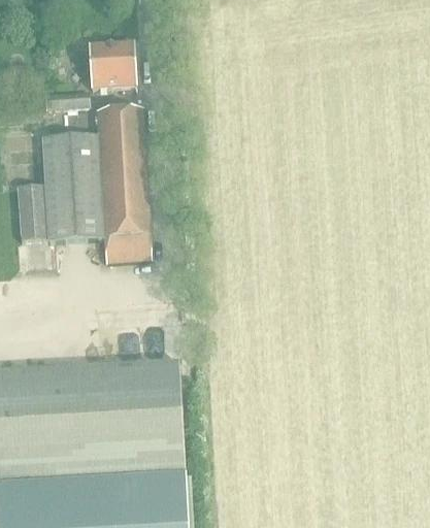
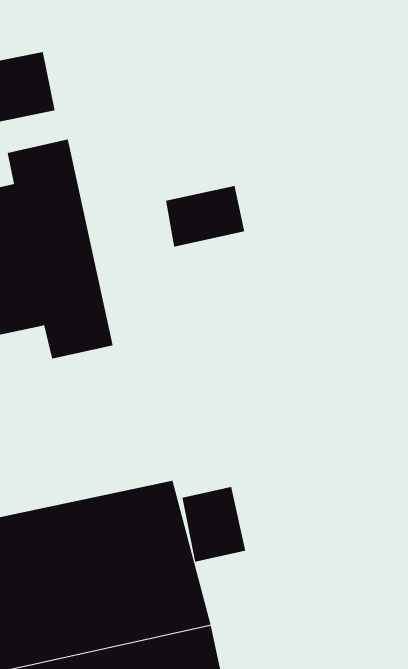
building: none -> [165,185,245,247]
building: none -> [182,486,246,562]

